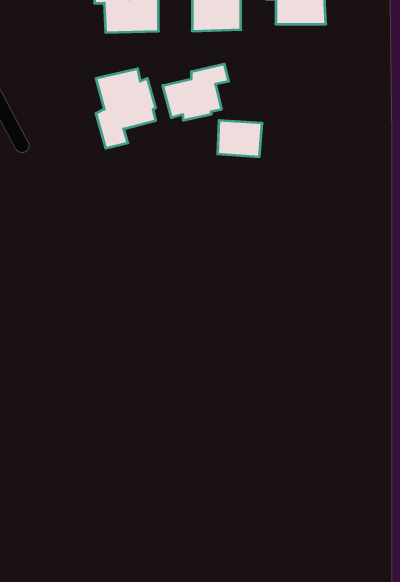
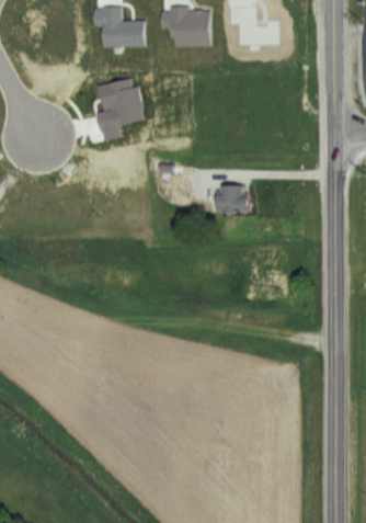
building: [163,64,229,120] -> none
building: [218,120,262,157] -> [217,181,252,209]

